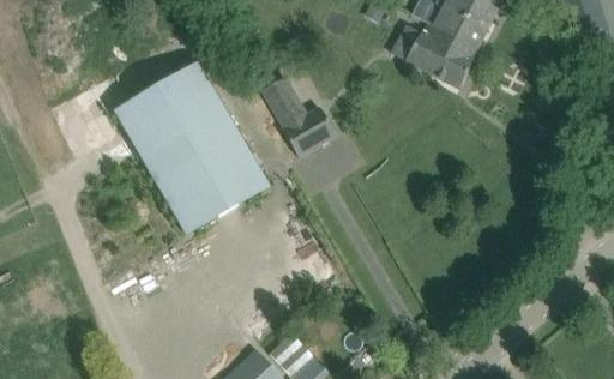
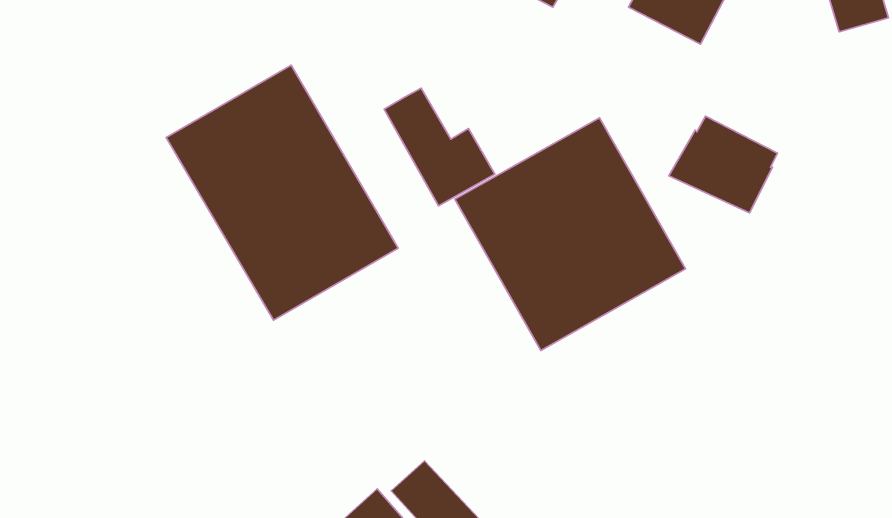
building: [404,22,478,88] -> [669,116,778,213]
building: none -> [455,118,685,350]

